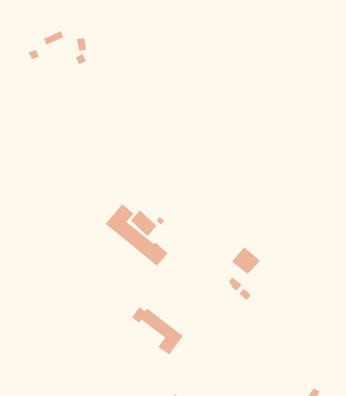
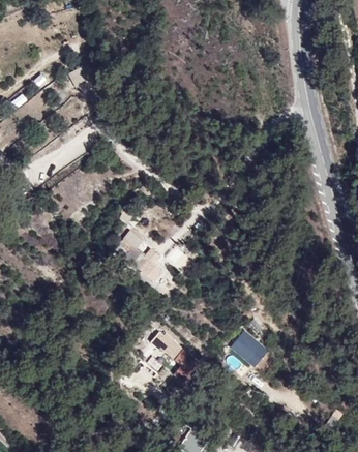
building: [231,246,261,275] -> [229,330,259,359]

